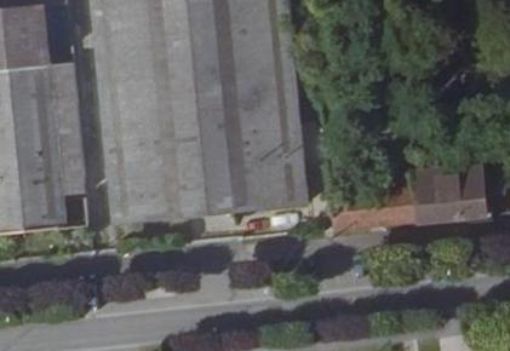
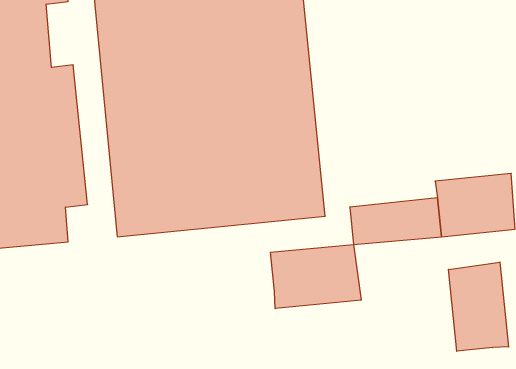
building: none -> [271,245,361,309]
building: none -> [449,262,509,351]

